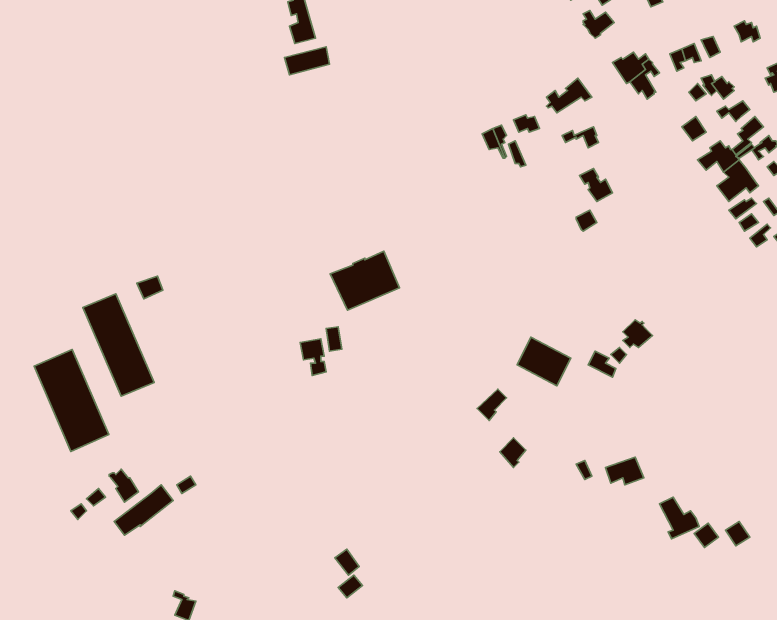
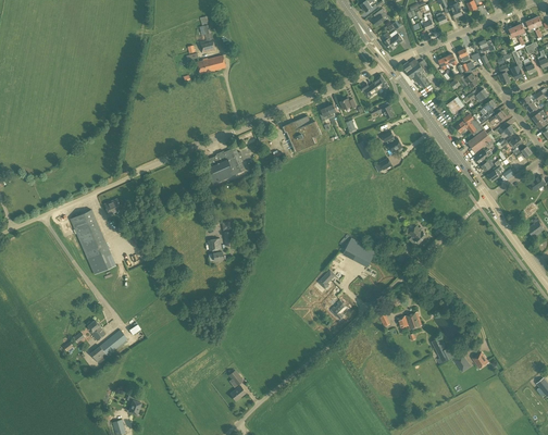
building: none -> [282,115,321,152]
building: [330,251,400,310] -> [201,147,245,184]
building: [34,350,109,451] -> none

